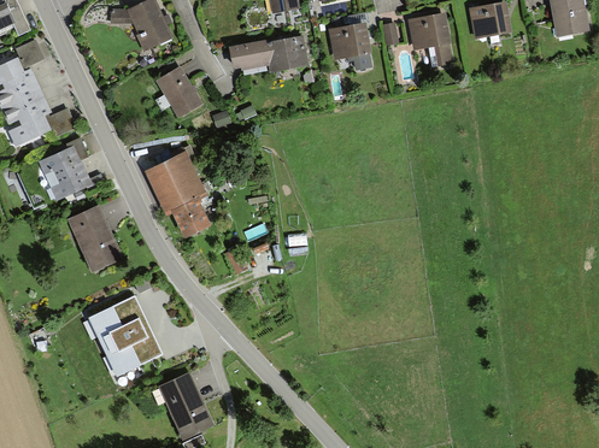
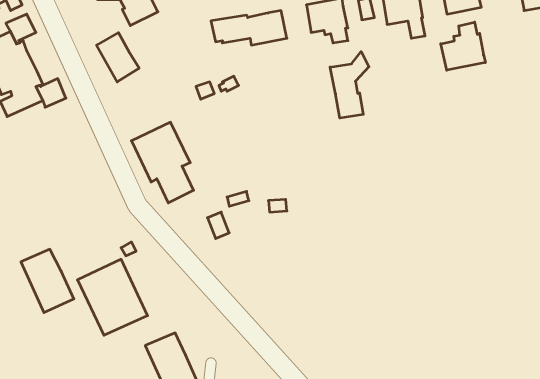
building: none -> [441,22,485,70]
building: [157,65,201,117] -> [97,33,139,82]
building: none -> [330,52,369,118]
building: [37,135,92,199] -> none
building: [67,205,123,271] -> [21,249,74,313]

